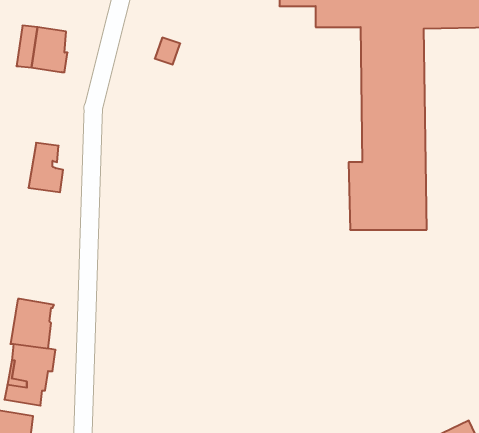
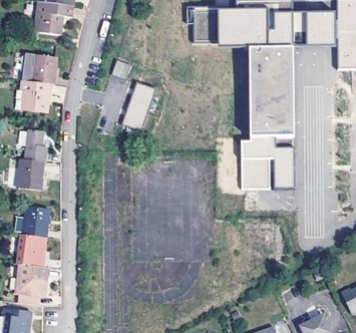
building: none -> [19,78,50,110]
building: none -> [121,80,155,130]
building: none -> [20,158,49,190]
building: none -> [22,207,49,238]

